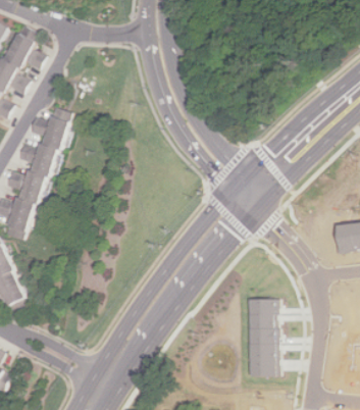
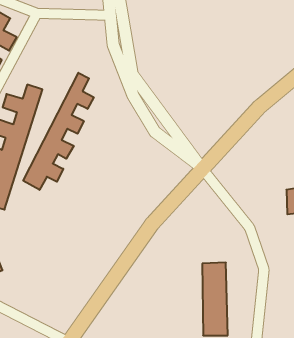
building: none -> [23,73,94,190]

